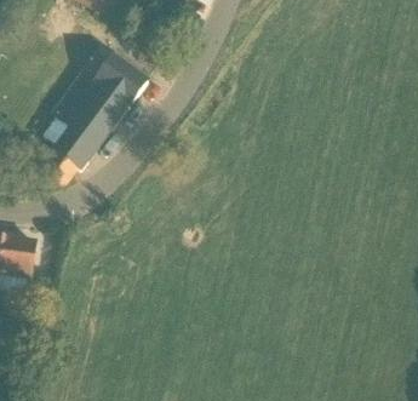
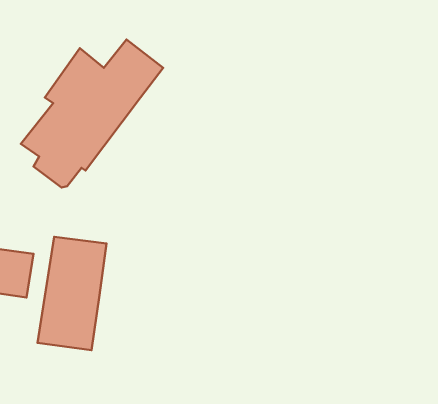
building: none -> [38,237,107,350]

